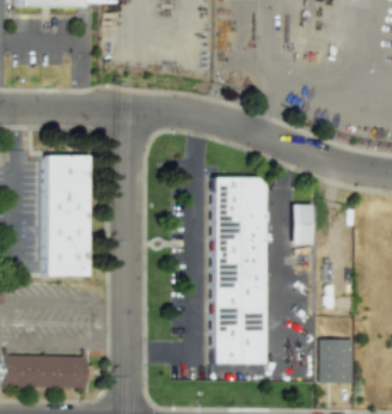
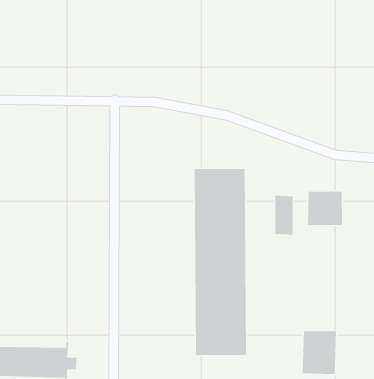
building: [45,151,87,276] -> none
building: none -> [307,191,343,226]

